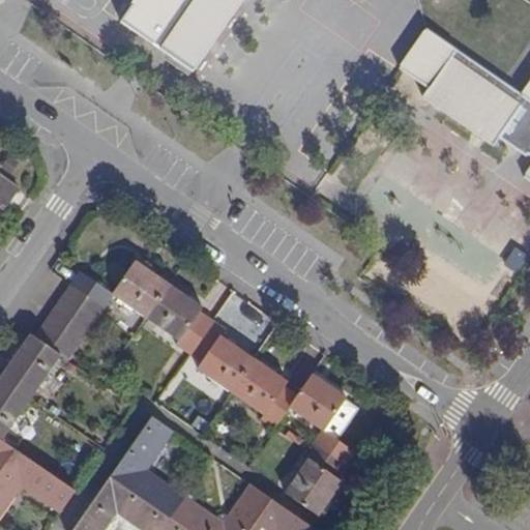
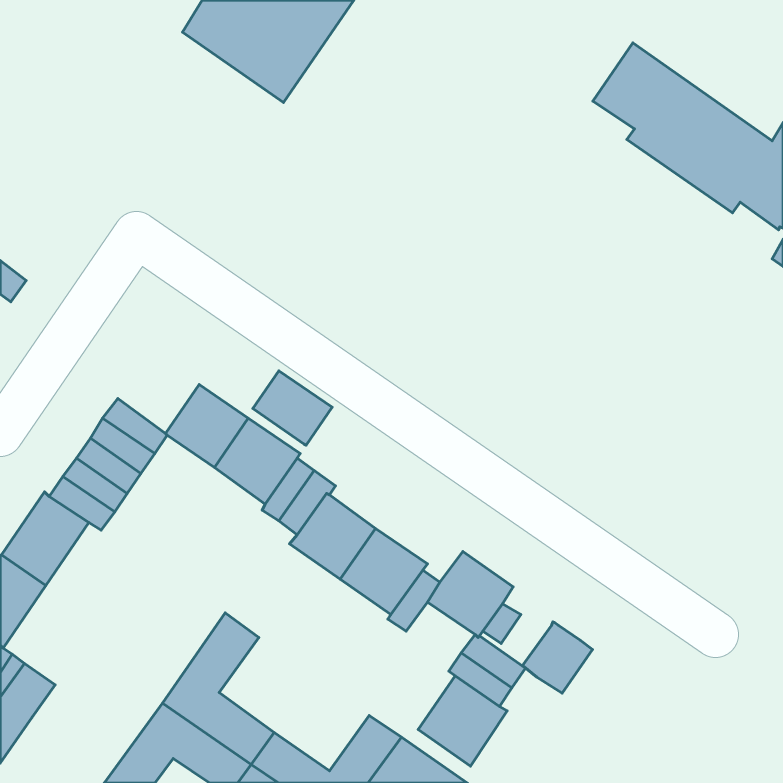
building: none -> [253,371,332,445]
building: none -> [523,622,593,693]
building: [22,463,76,511] -> none

